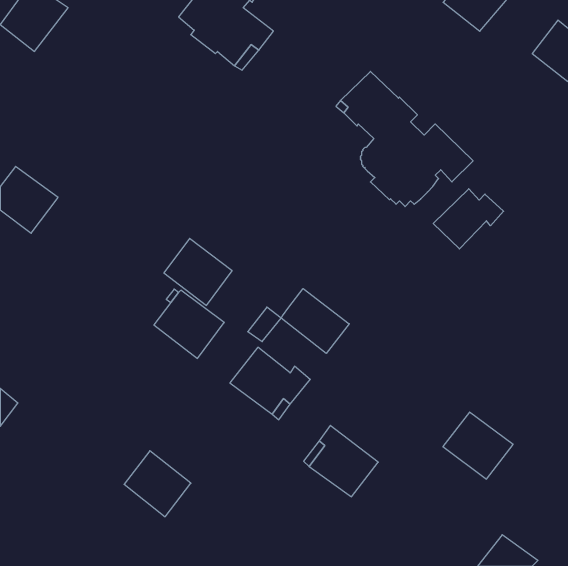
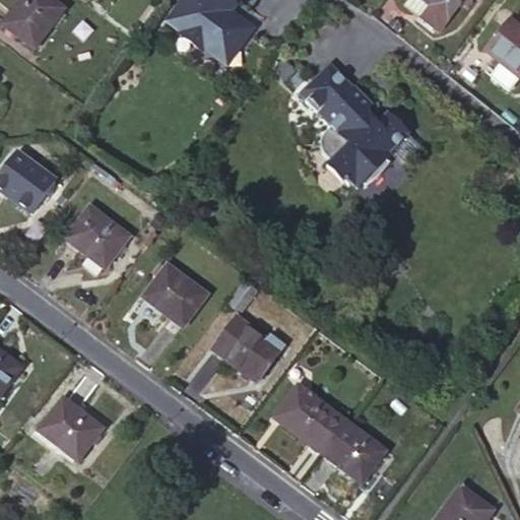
building: [433,189,504,249] -> none
building: [164,238,232,305] -> [66,206,128,267]
building: [281,289,349,353] -> none
building: [443,412,513,479] -> [322,420,386,481]
building: [124,451,191,517] -> [40,398,101,458]

